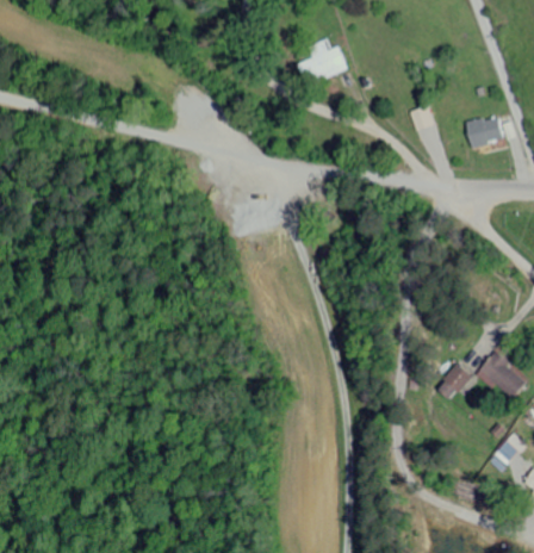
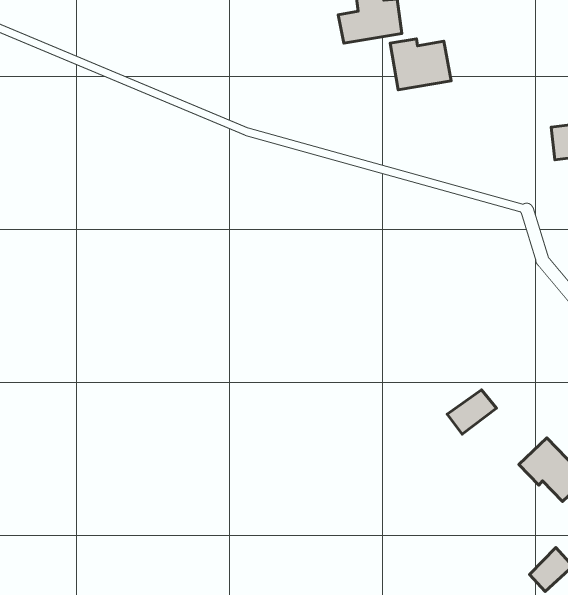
building: none -> [390,39,451,90]
building: [435,365,471,399] -> [447,390,497,434]

